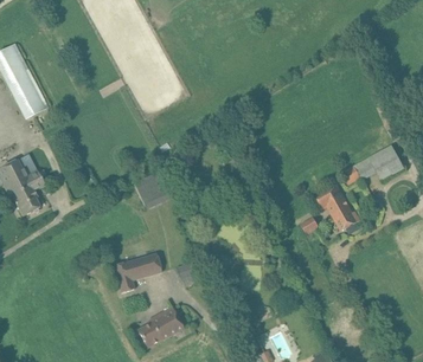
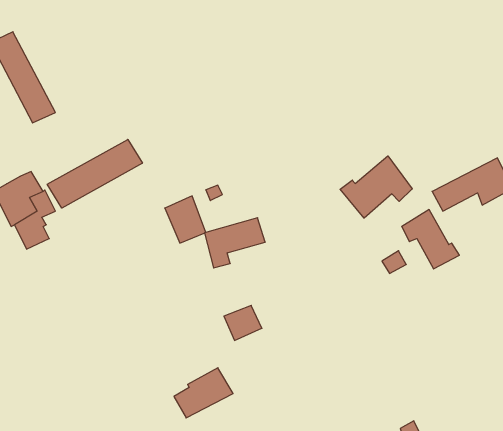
building: none -> [47,139,142,208]
building: none -> [340,156,412,218]
building: [114,251,161,290] -> [204,218,265,268]

